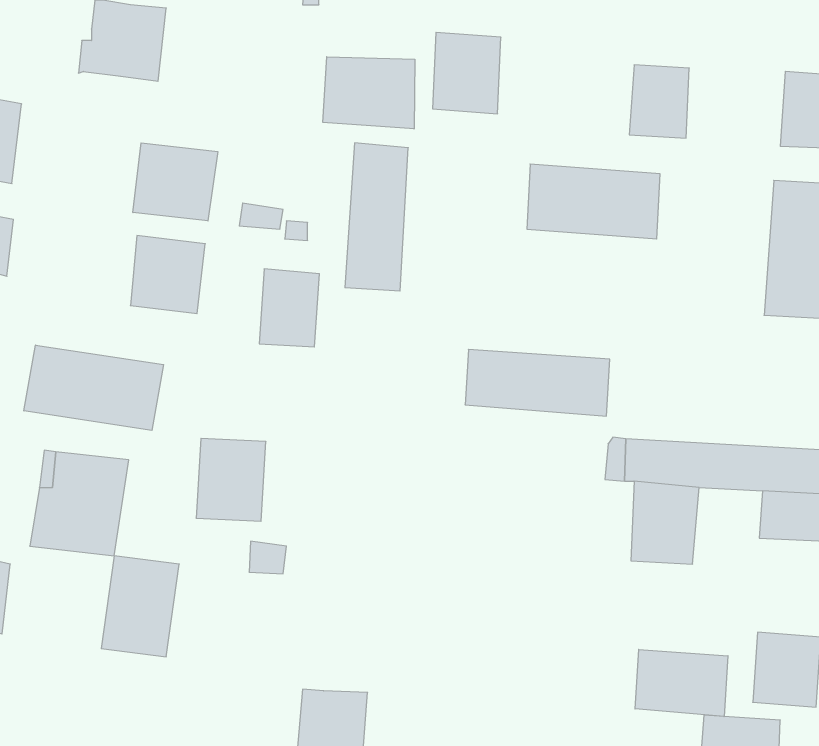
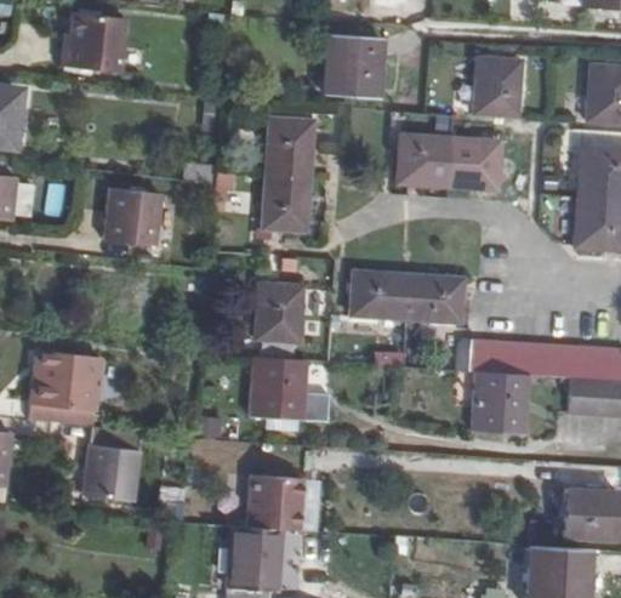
building: [323,57,415,129] -> none
building: [133,143,218,221] -> none
building: [259,269,319,347] -> [257,284,302,342]
building: [24,345,164,430] -> none
building: [196,438,266,521] -> [253,357,306,418]
building: none -> [247,475,303,530]
building: [635,649,728,717] -> none

